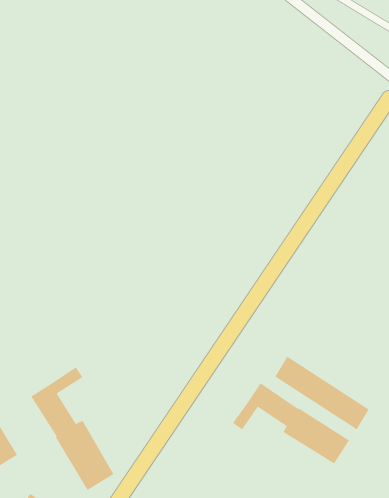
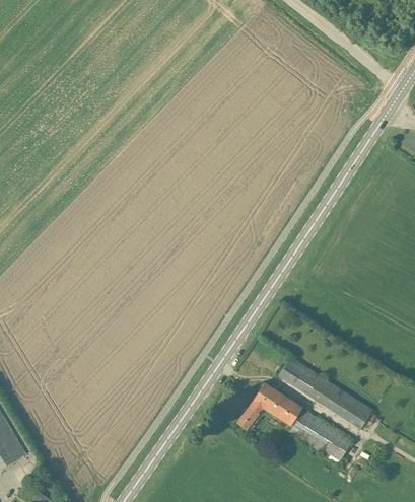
building: [30,367,114,491] -> none

